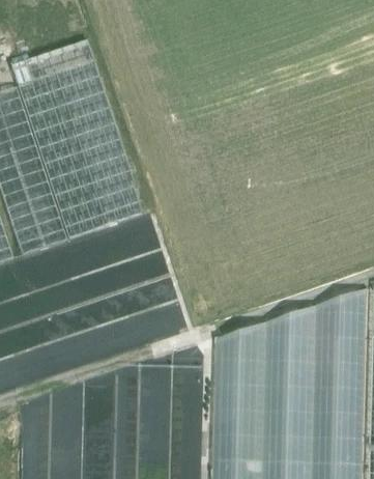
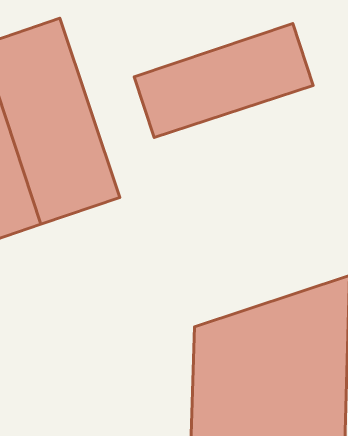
building: none -> [134,24,313,137]

